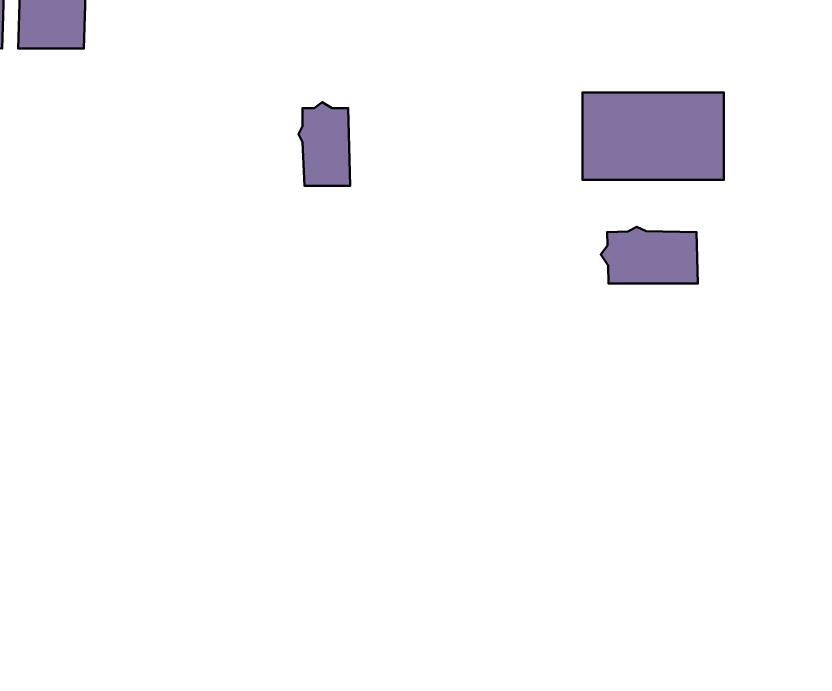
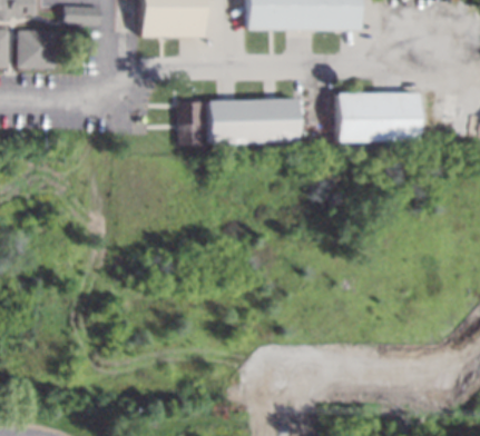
building: none -> [208,98,296,142]
building: [601,227,698,283] -> none

